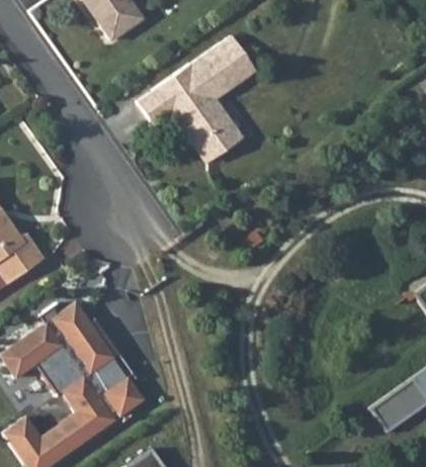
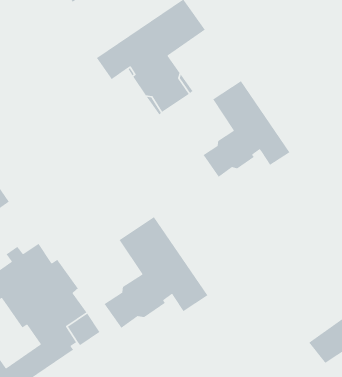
building: none -> [203,80,290,178]
building: none -> [104,216,208,329]

